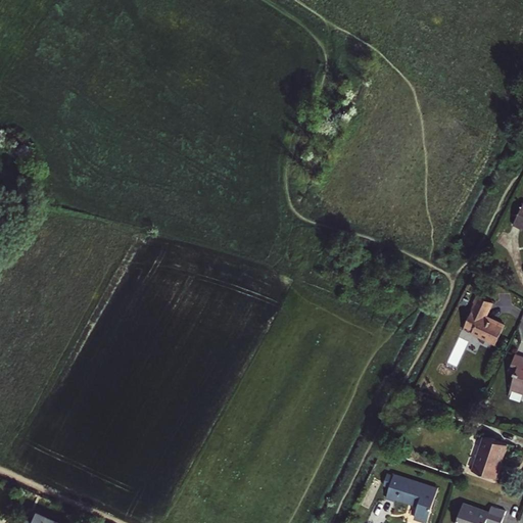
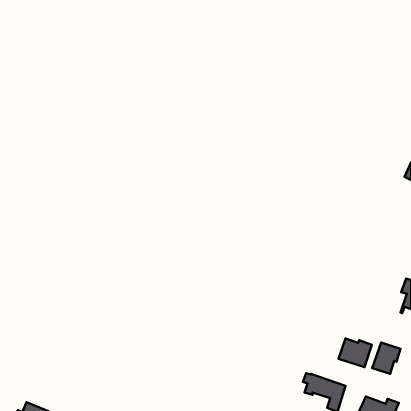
building: [463,295,506,346] -> none
building: none -> [338,338,372,367]

